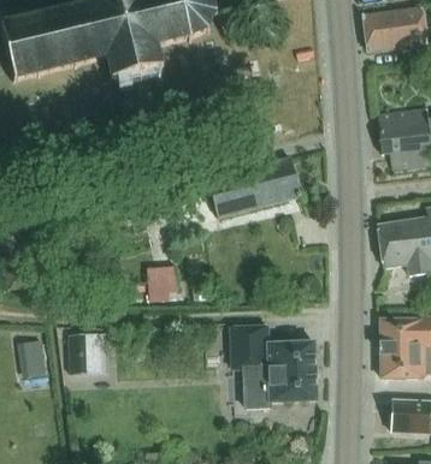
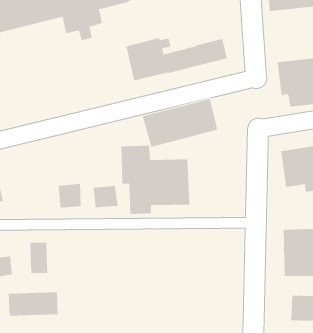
building: none -> [126,37,228,81]
building: none -> [58,183,81,209]
building: [234,321,319,406] -> [121,145,190,214]
building: none -> [8,291,58,317]

